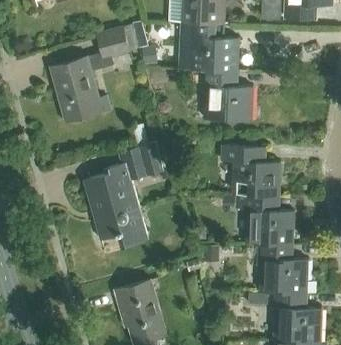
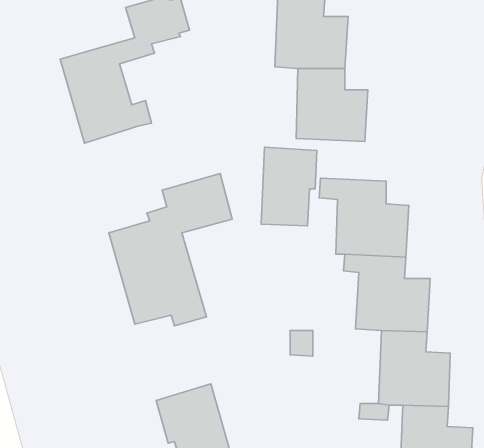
building: none -> [261,147,317,226]

